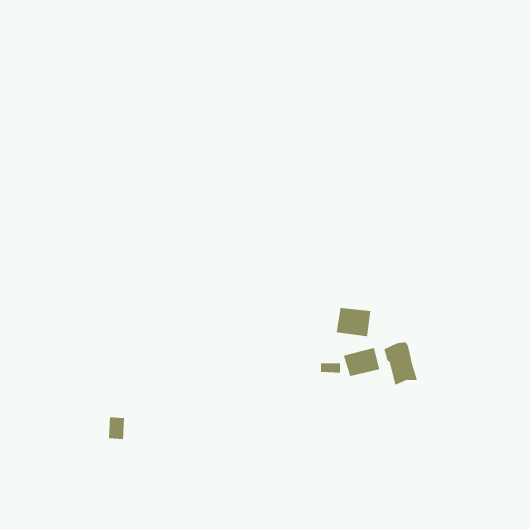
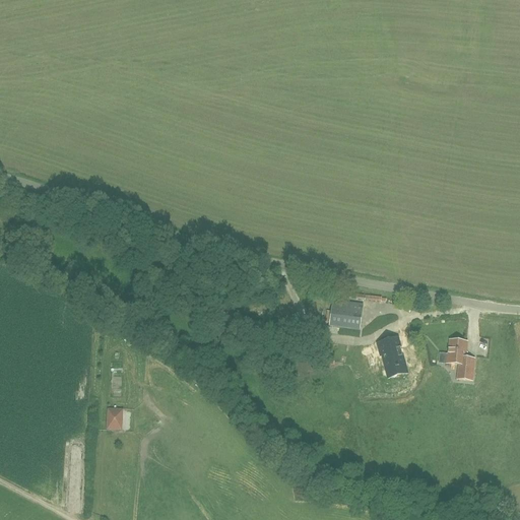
building: none -> [447,339,473,380]
building: [343,347,380,377] -> none

